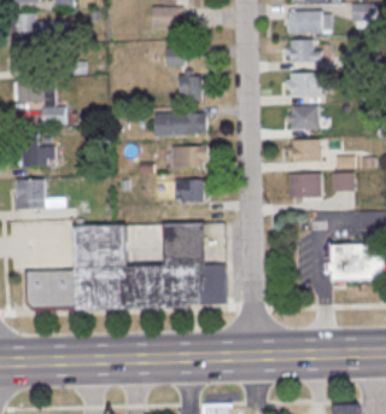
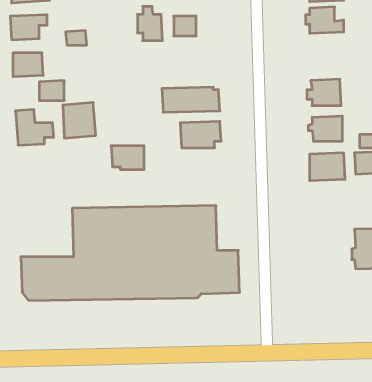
building: [180,70,203,101] -> [137,6,162,41]
building: [283,72,321,97] -> none
building: [16,179,46,211] -> [63,103,96,138]
building: [174,180,204,202] -> [111,146,144,169]

